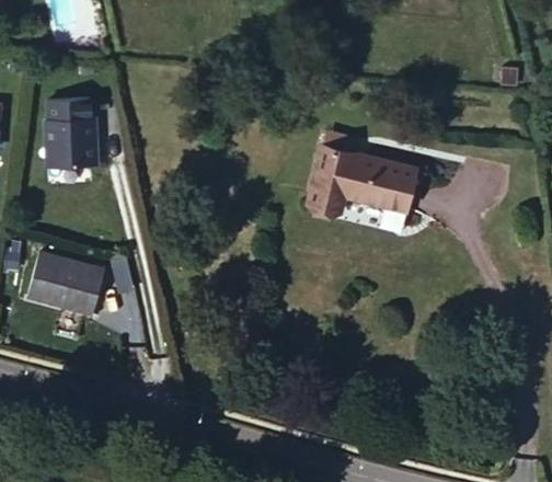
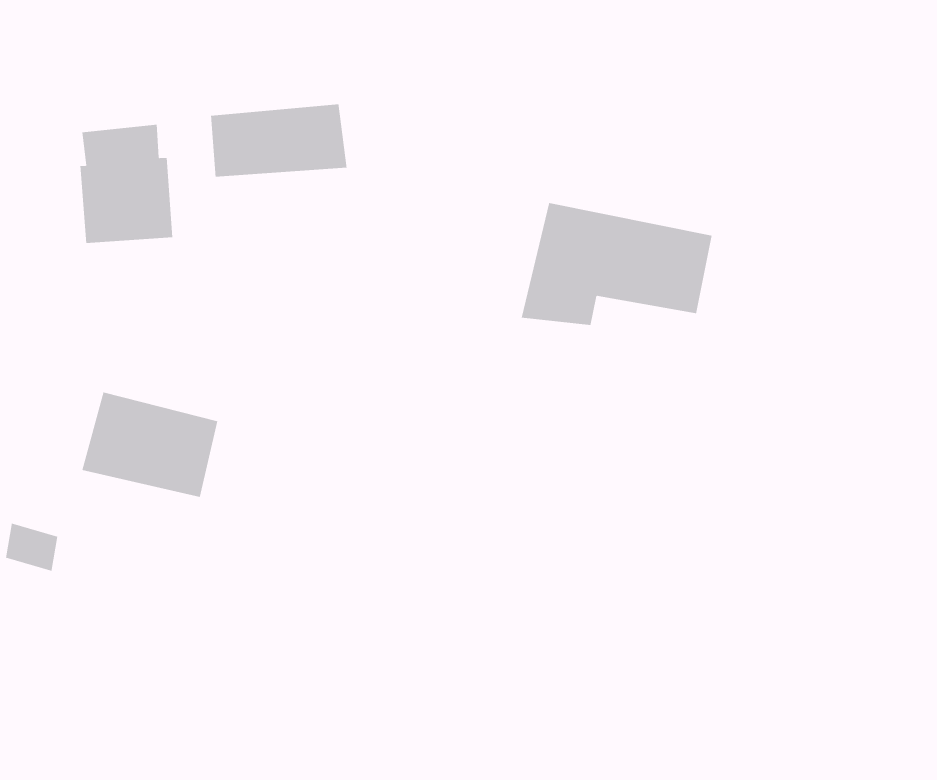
building: none -> [211,104,347,178]

